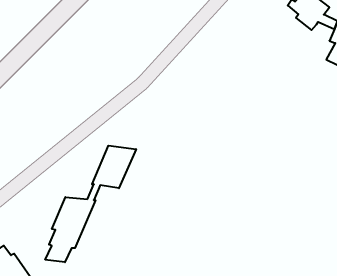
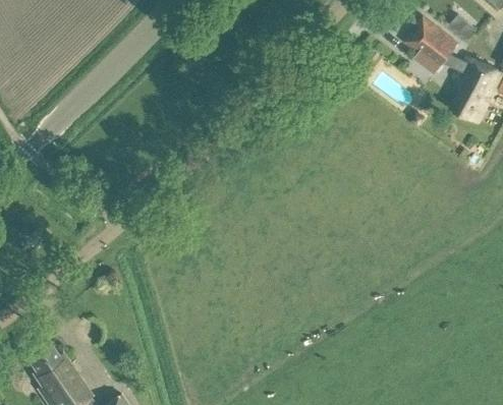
building: [45,146,136,262] -> none

